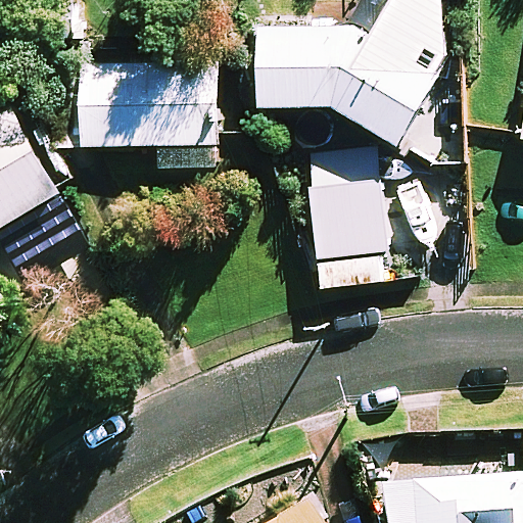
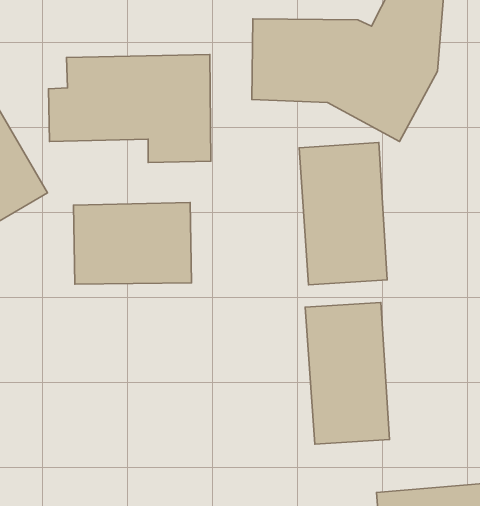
building: none -> [74,202,191,284]
building: none -> [305,302,390,444]

